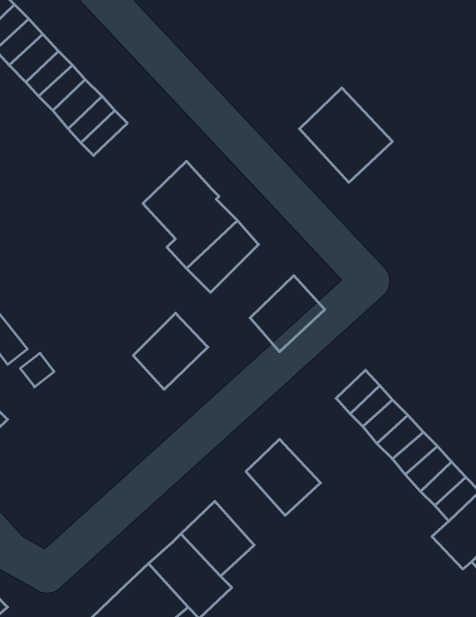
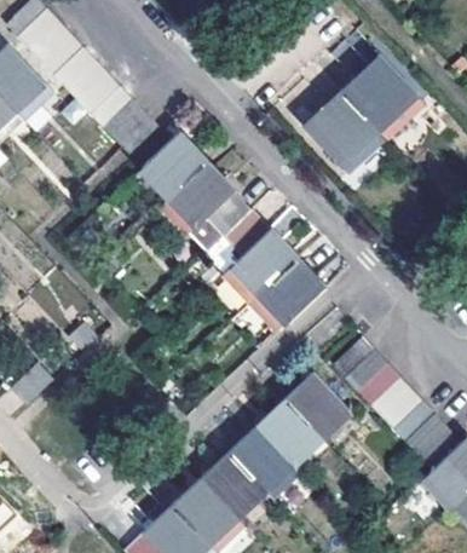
building: none -> [340,61,421,142]
building: none -> [143,131,207,195]
building: [133,313,208,389] -> [235,227,299,293]
building: none -> [287,370,351,434]
building: none -> [231,425,292,488]

